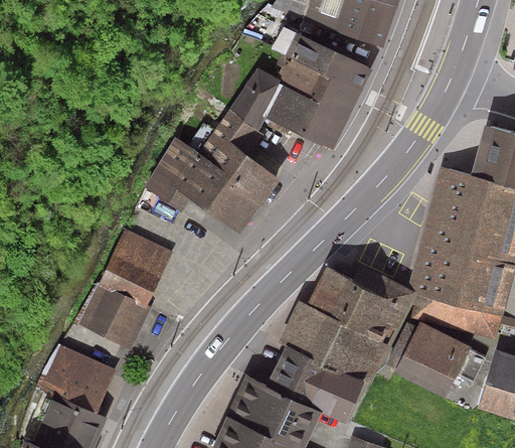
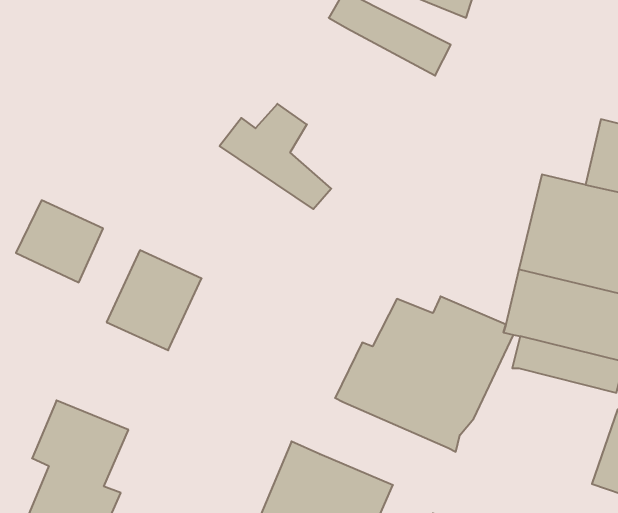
building: [232,54,356,148] -> none
building: [148,140,261,227] -> none
building: [78,285,147,349] -> [16,200,103,282]
building: [386,320,485,402] -> none
building: [266,347,366,425] -> none

